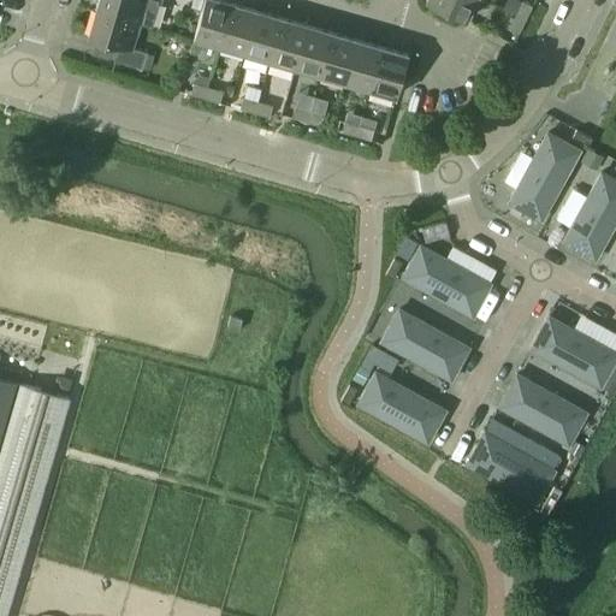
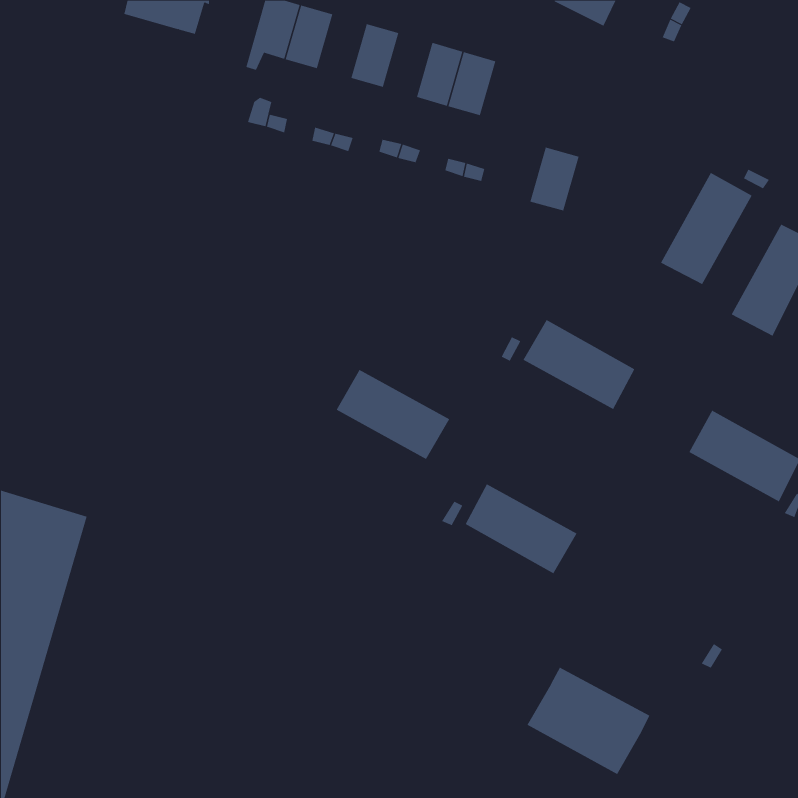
building: [89,12,148,70] -> none
building: [245,12,283,61] -> none
building: [296,26,333,76] -> none
building: [371,48,409,97] -> [529,147,579,211]
building: [381,310,469,380] -> [336,369,450,460]
building: [499,375,586,445] -> none
building: [467,420,562,503] -> [527,667,650,775]

